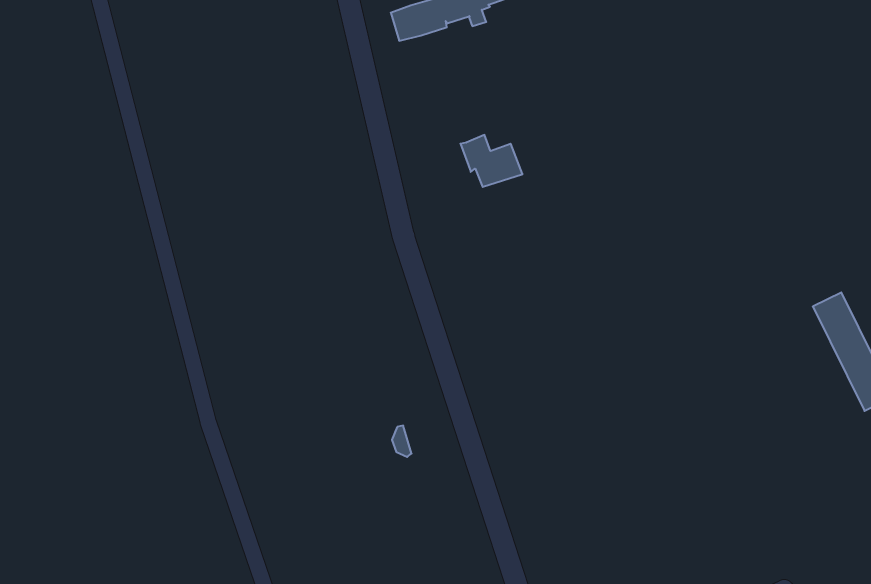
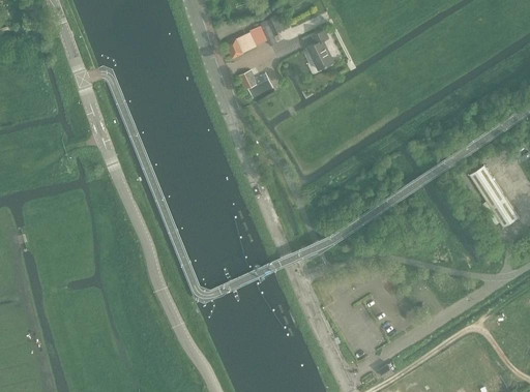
building: none -> [306,31,333,70]
building: [460,135,523,187] -> [237,70,272,98]

